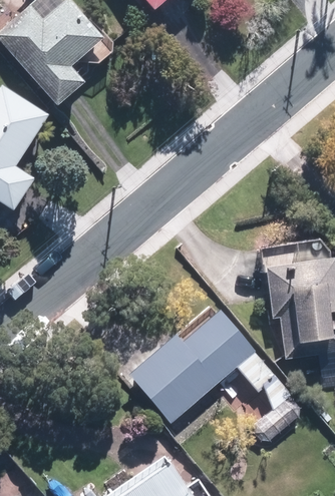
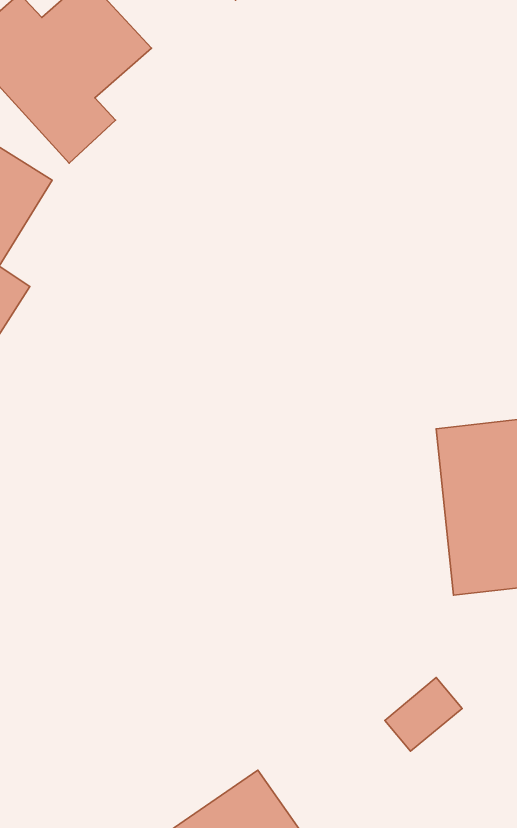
building: [134,307,256,420] -> none

